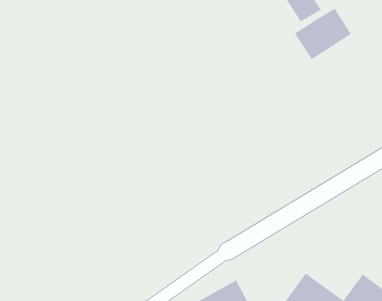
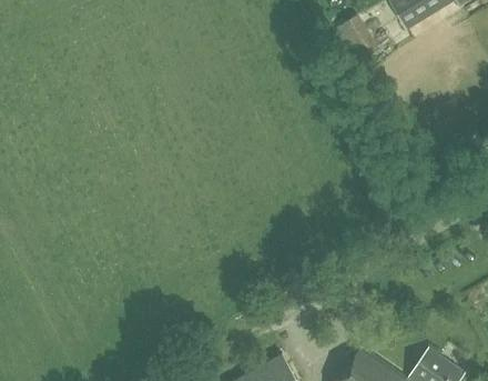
building: [294,7,352,60] -> none

